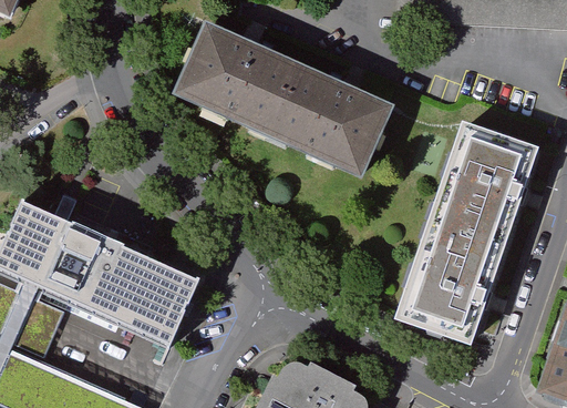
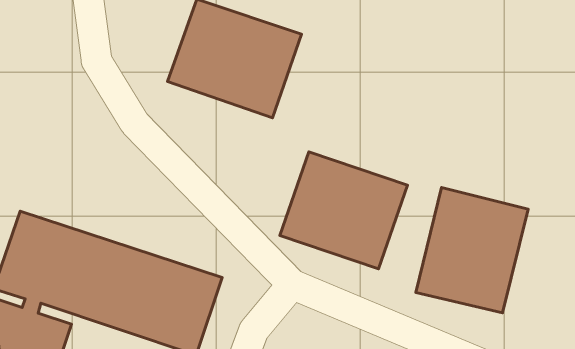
building: [274,64,396,180] -> [280,152,407,269]
building: [424,125,535,247] -> none

